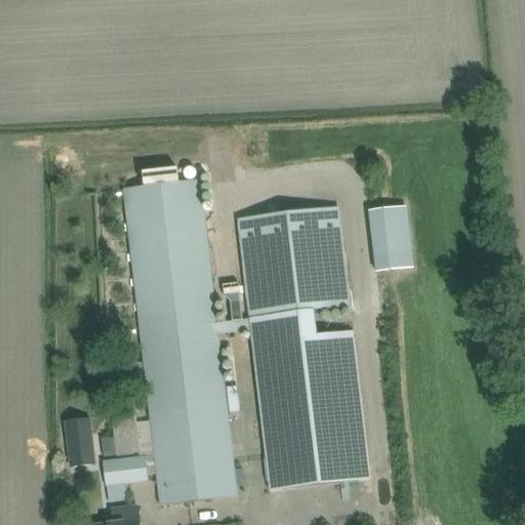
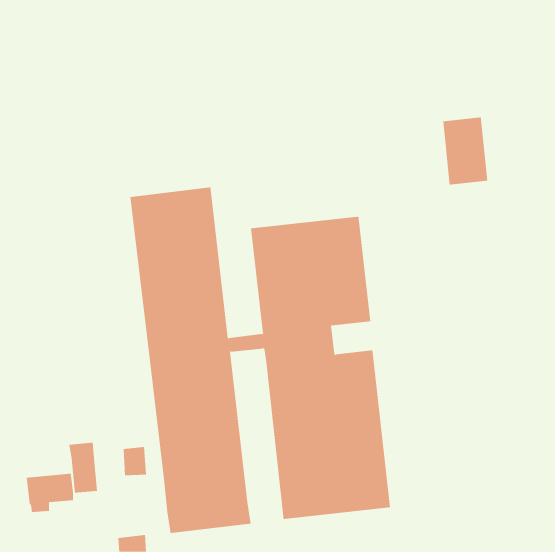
building: [369,205,412,270] -> [442,117,488,185]
building: [102,453,147,490] -> [26,473,74,512]

